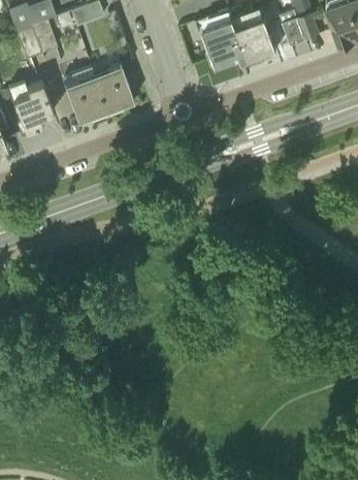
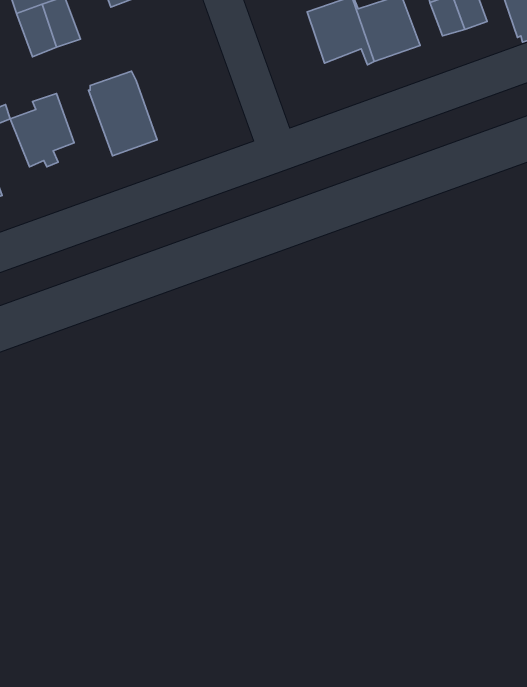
building: [93,59,133,111] -> none

